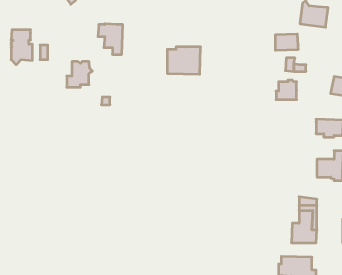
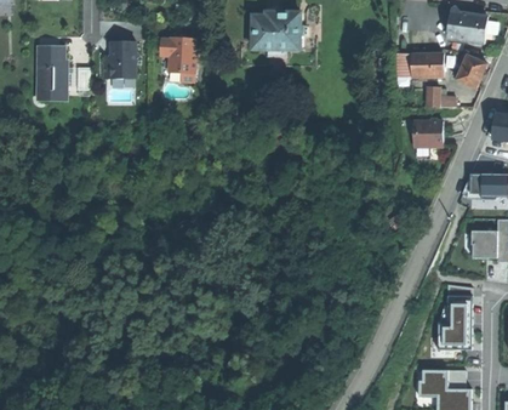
building: none -> [457,55,487,86]
building: [167,47,201,74] -> [253,11,301,50]
building: [67,62,92,87] -> [103,41,139,78]

